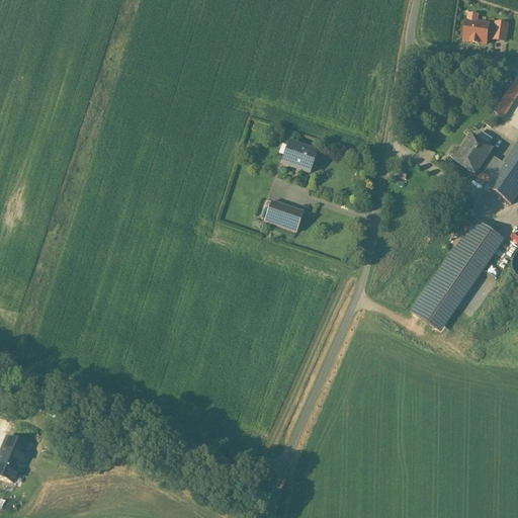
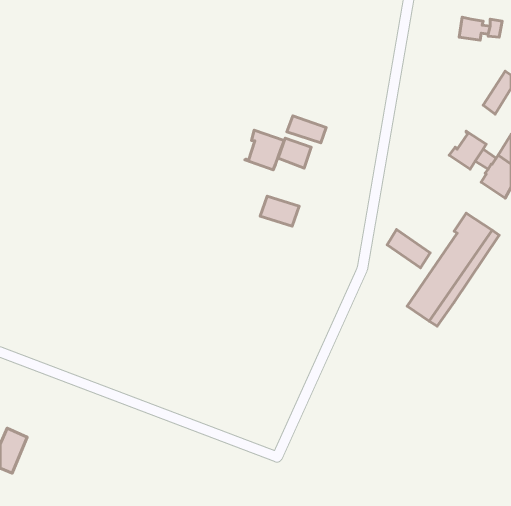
building: none -> [287,116,326,143]
building: none -> [245,130,284,170]
building: none -> [387,230,430,268]

